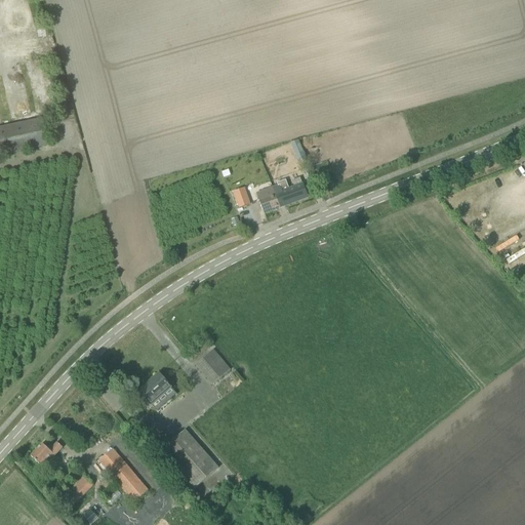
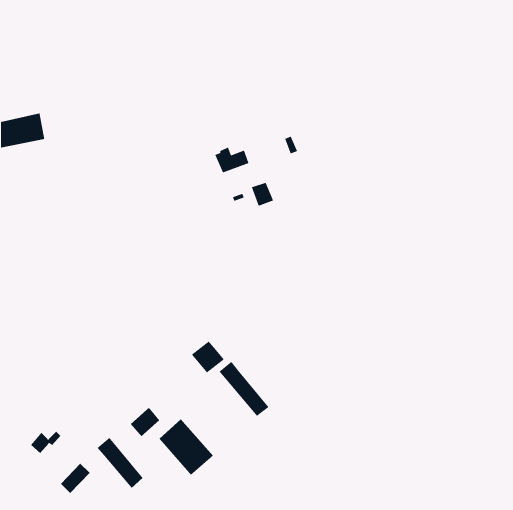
building: [272,177,308,205] -> [214,147,249,174]
building: none -> [218,361,270,417]
building: [139,371,170,402] -> [130,407,160,437]

